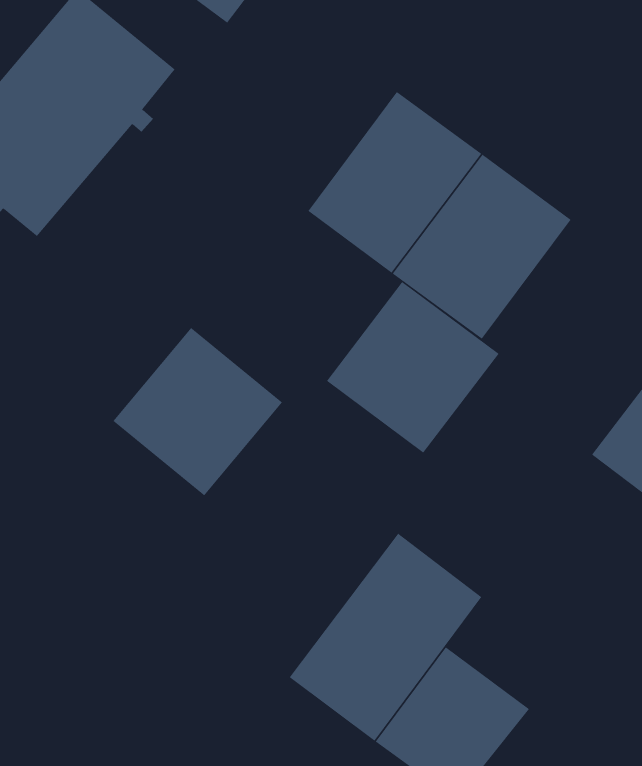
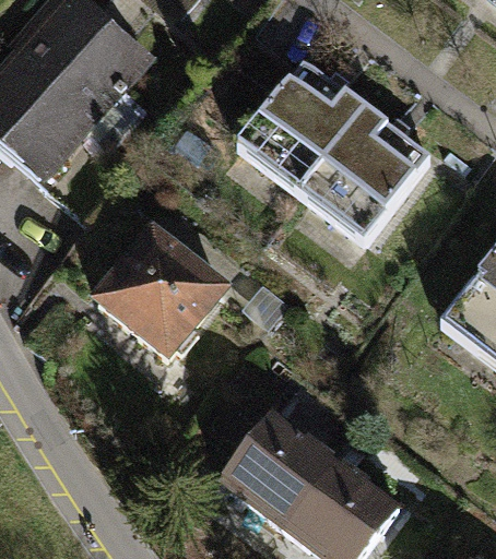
building: [326,281,499,453] -> none

